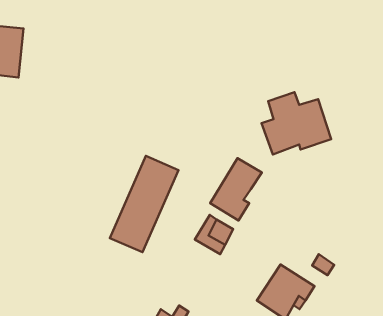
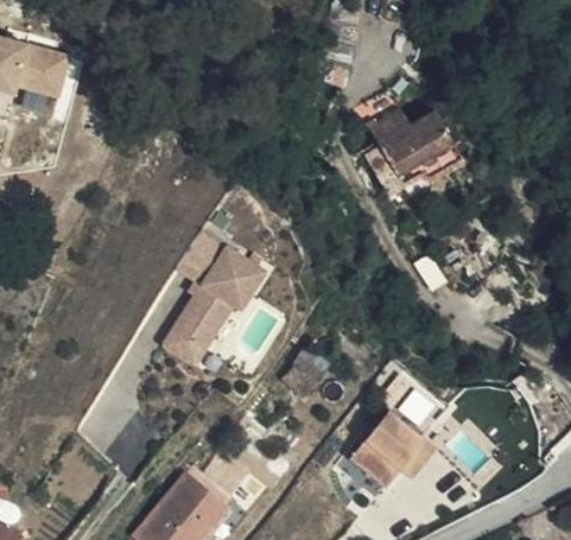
building: [262,92,331,154] -> [353,95,444,176]
building: [210,158,262,221] -> none

